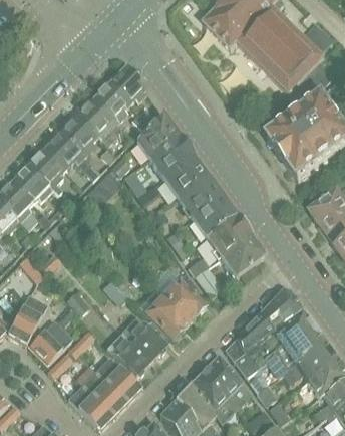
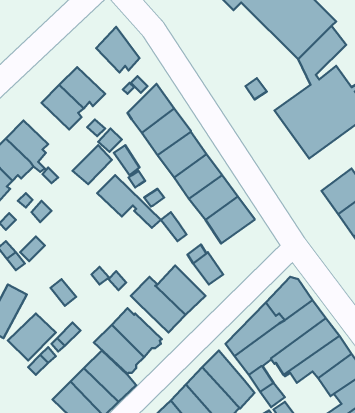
building: [91,81,129,123] -> none
building: [43,131,100,178] -> [97,175,161,228]
building: [221,236,265,276] -> none

